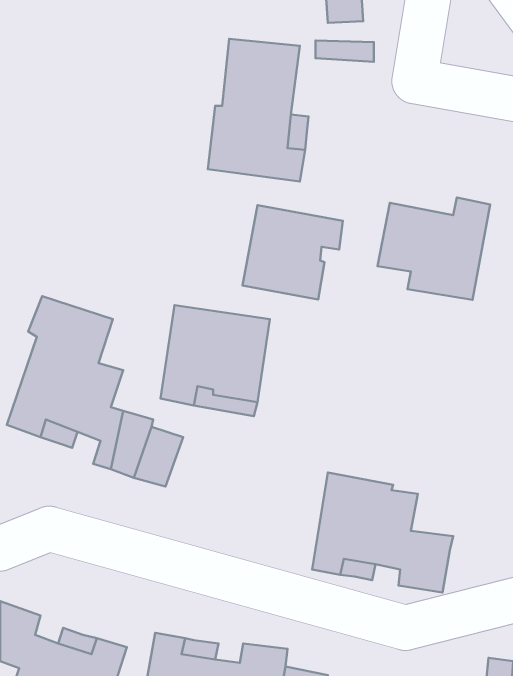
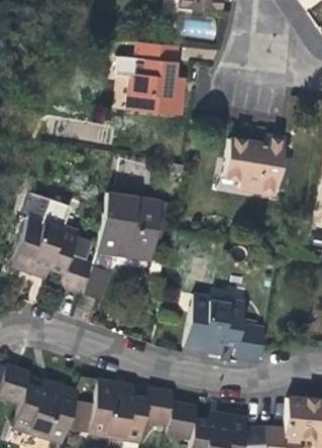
building: [243,205,343,299] -> none

